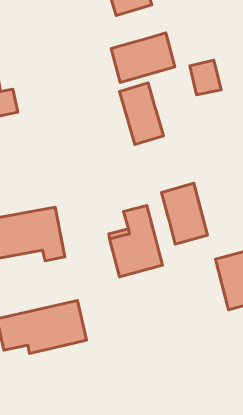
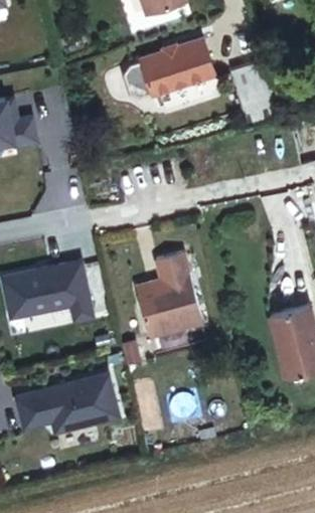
building: [120,83,163,145] -> none
building: [162,183,208,244] -> none

